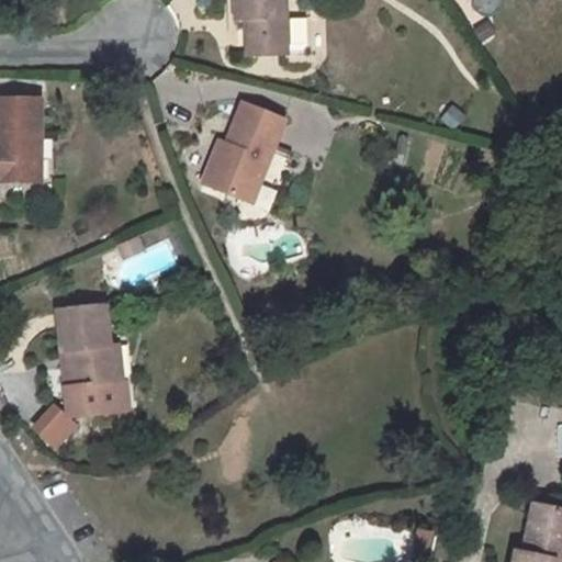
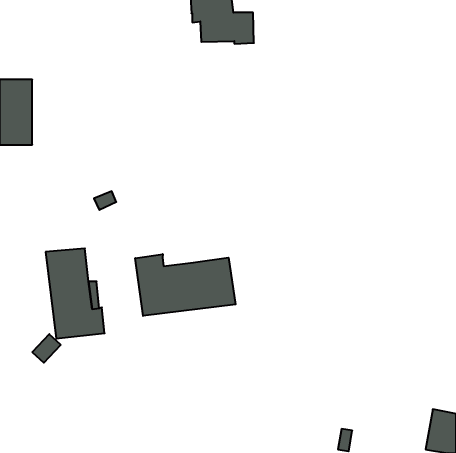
building: [202,102,284,200] -> none
building: none -> [135,254,236,316]

